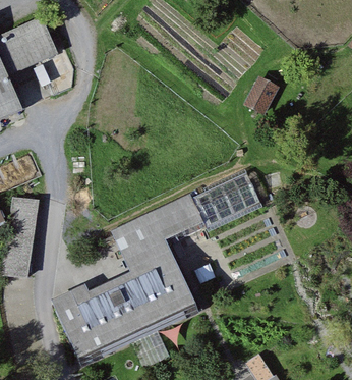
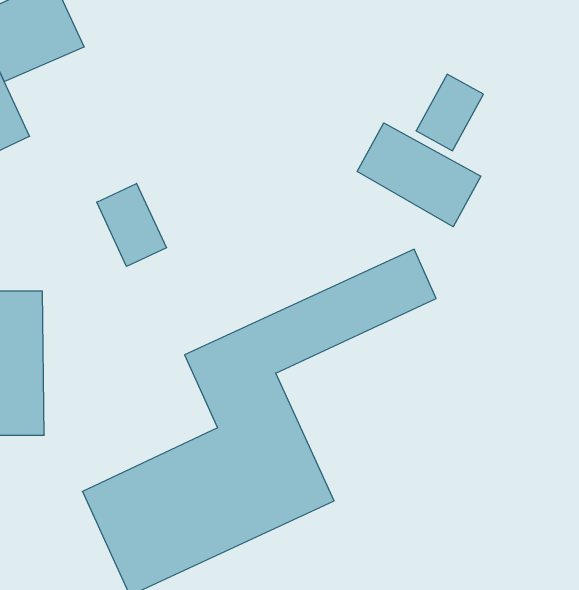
building: none -> [357,123,481,227]
building: none -> [97,183,166,266]

